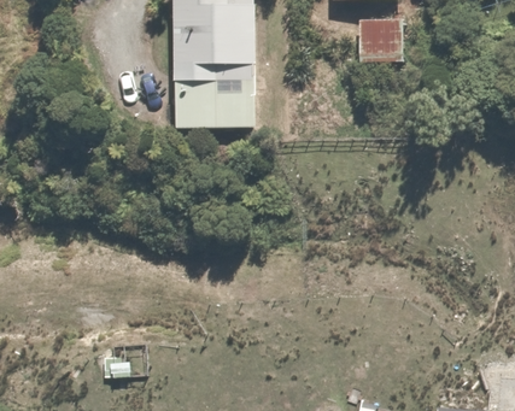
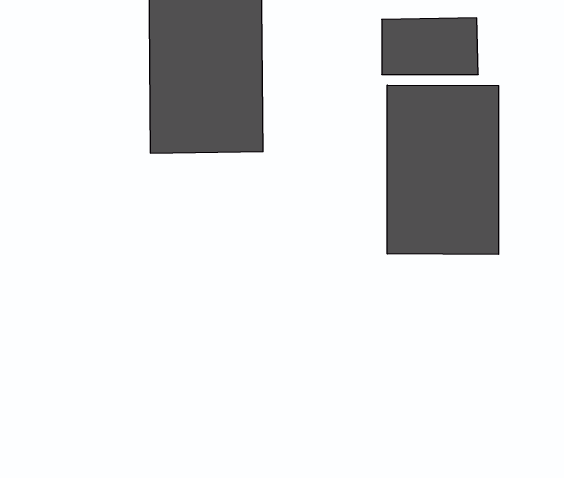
building: none -> [387,85,499,254]

